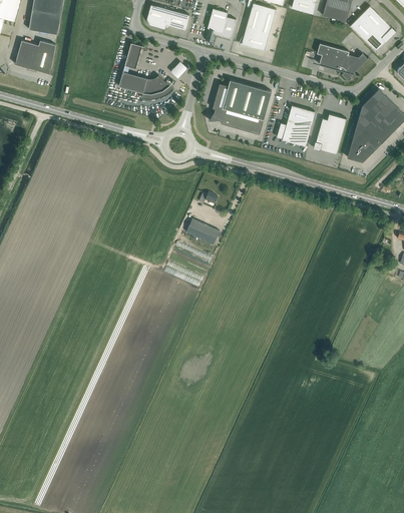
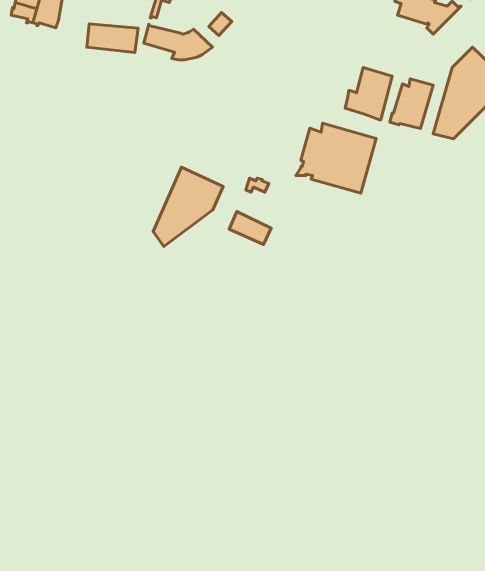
building: none -> [87,24,138,53]
building: [209,79,272,134] -> [296,123,376,193]
building: none -> [153,167,223,247]

